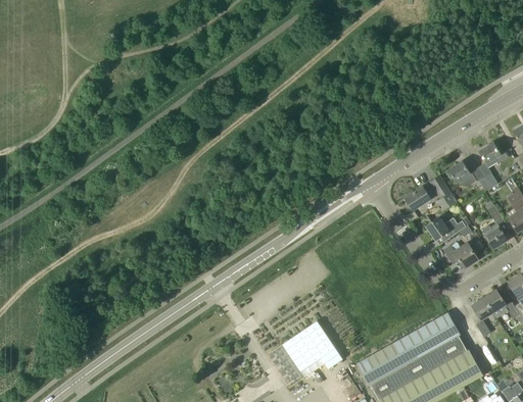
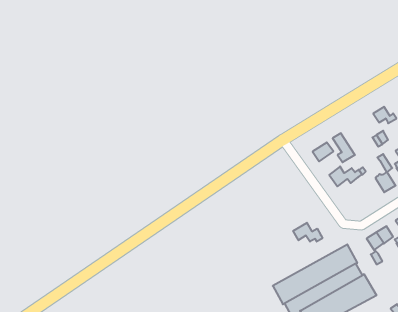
building: [448,161,477,187] -> none
building: [445,243,478,268] -> none
building: none -> [293,223,322,242]
building: [283,320,343,370] -> none

